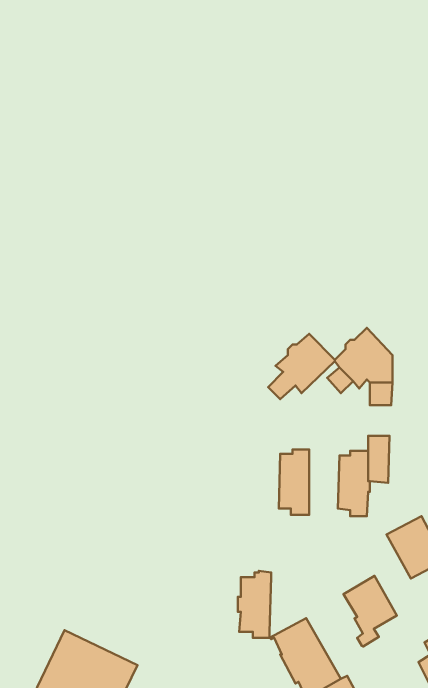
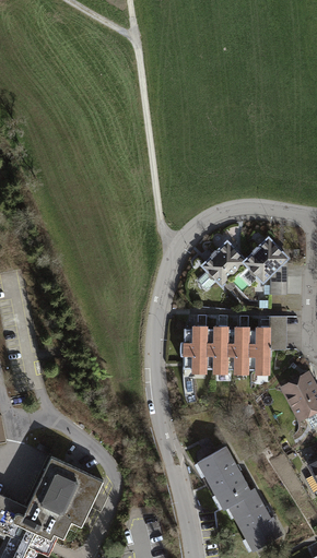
building: none -> [226,328,248,375]
building: [238,571,271,638] -> [181,325,206,373]
building: [344,576,397,646] -> none

